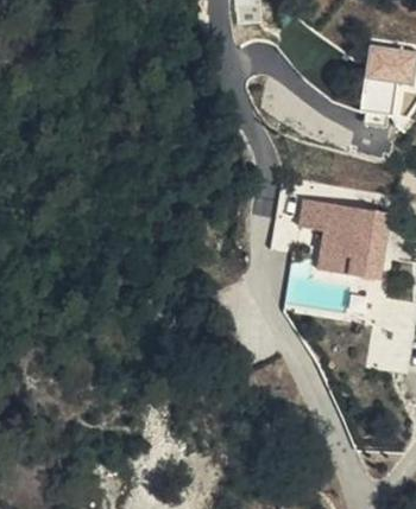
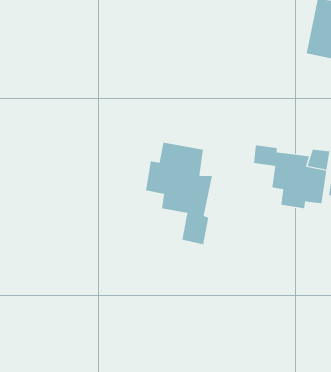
building: none -> [145,142,213,245]

